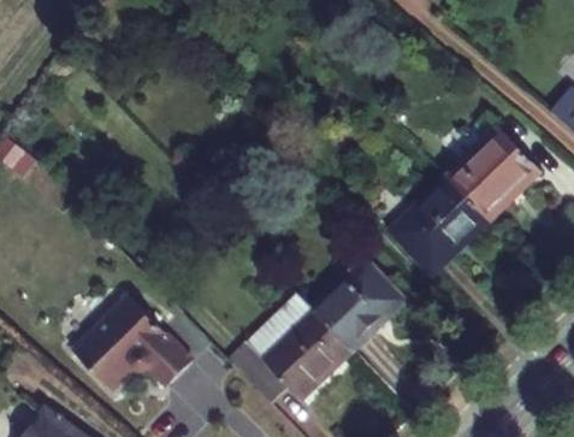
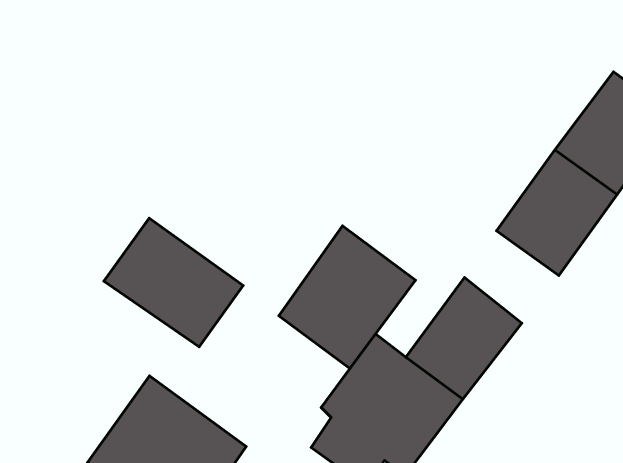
building: none -> [104,218,243,347]
building: none -> [279,226,415,369]

